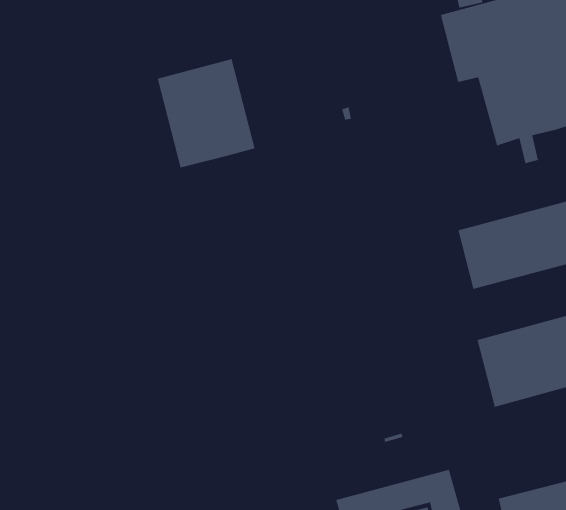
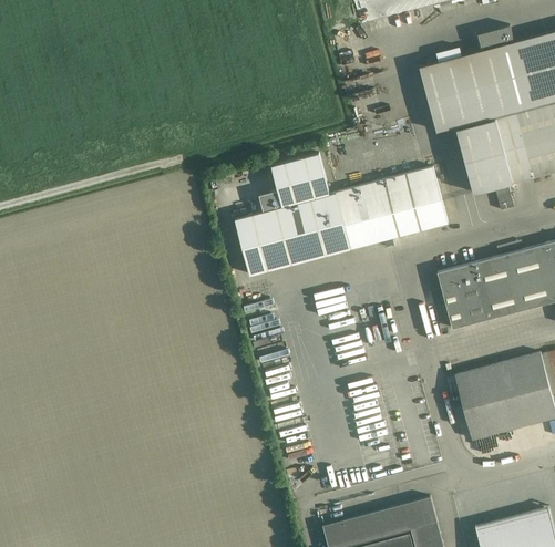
building: [157,58,255,169] -> none
building: none -> [235,154,448,276]

